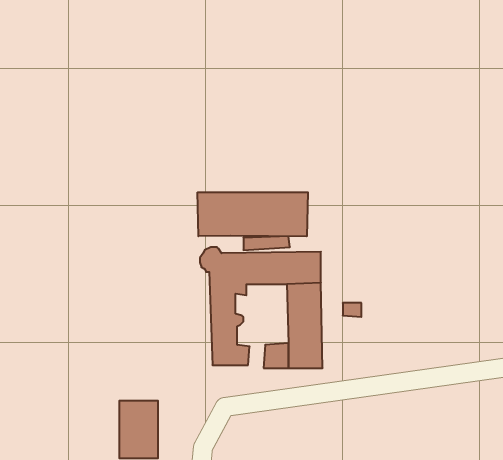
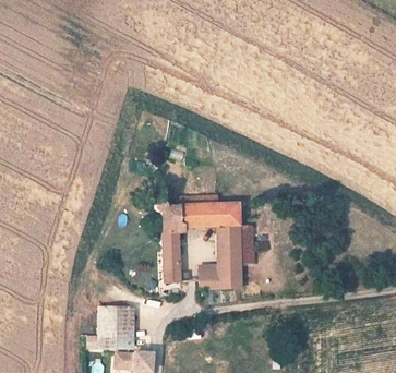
building: [198,192,308,236] -> none

